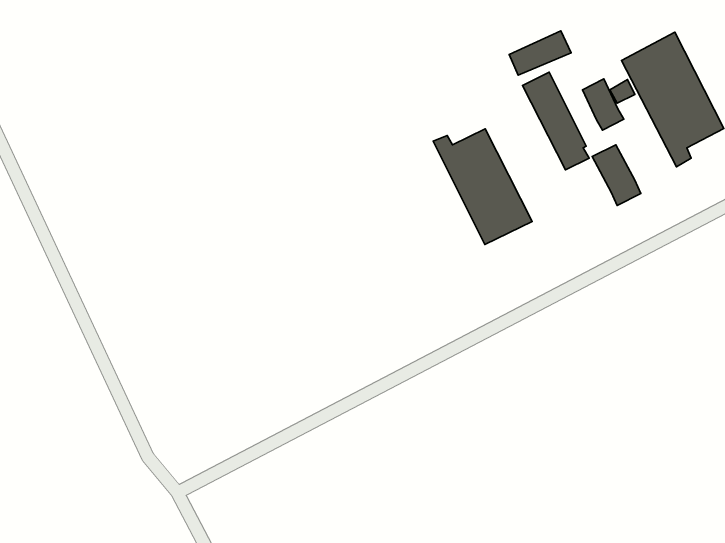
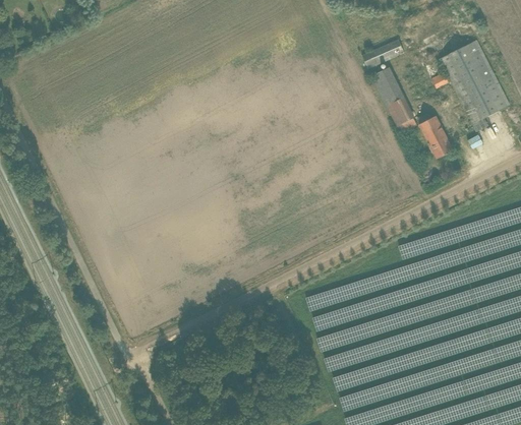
building: [582,79,624,130] -> none
building: [433,129,532,245] -> none

